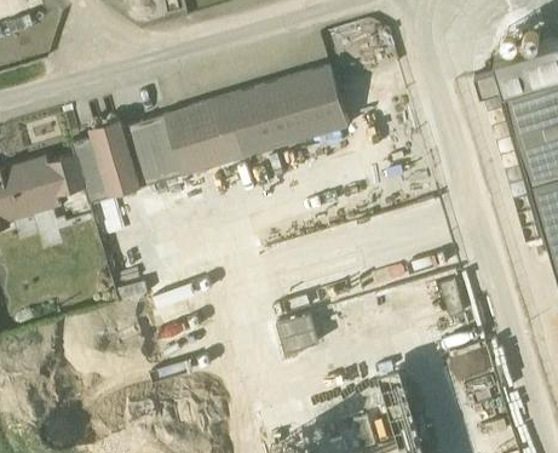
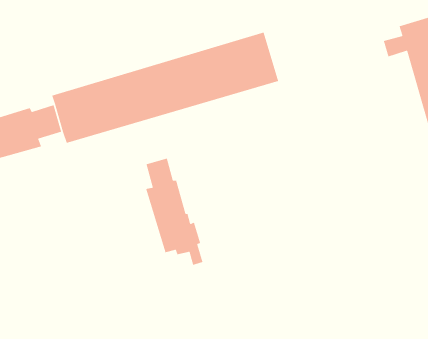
building: none -> [145,158,204,266]

